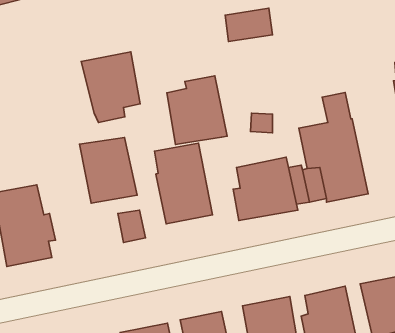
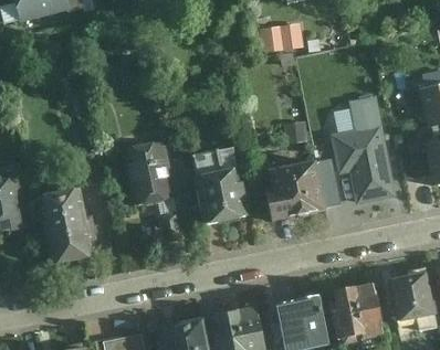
building: [81,52,140,122] -> none
building: [167,76,227,144] -> none

